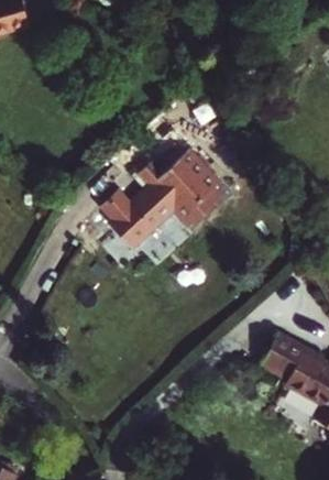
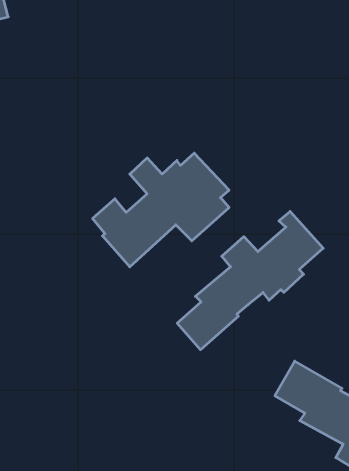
building: none -> [177,211,323,350]

